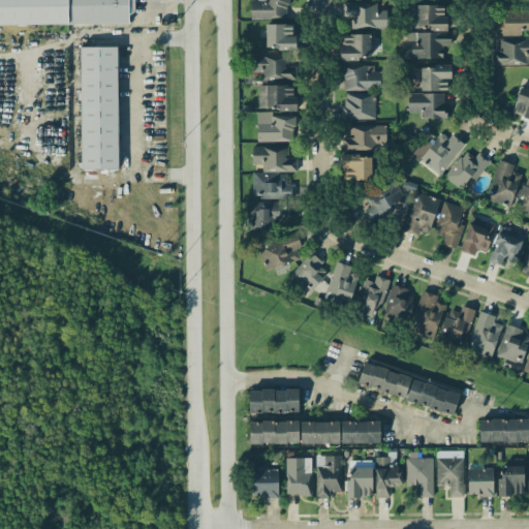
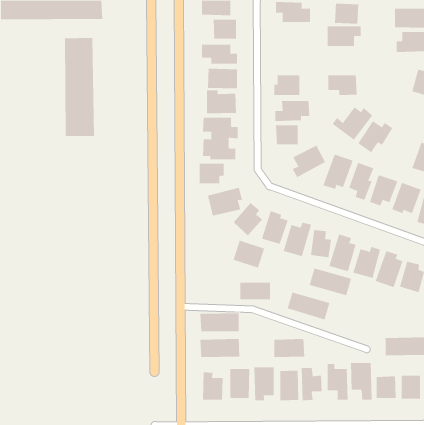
building: [342,34,371,59] -> none
building: [422,65,452,91] -> none
building: [343,67,380,91] -> none
building: [486,160,522,207] -> none
building: none -> [233,240,265,268]
building: [406,379,460,414] -> [309,268,352,296]
building: [301,422,340,443] -> [239,282,271,300]

